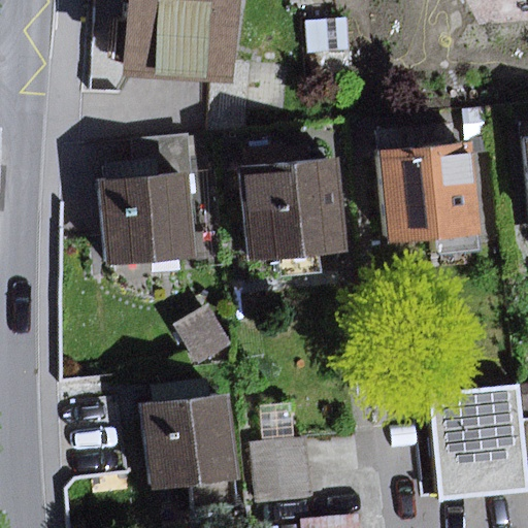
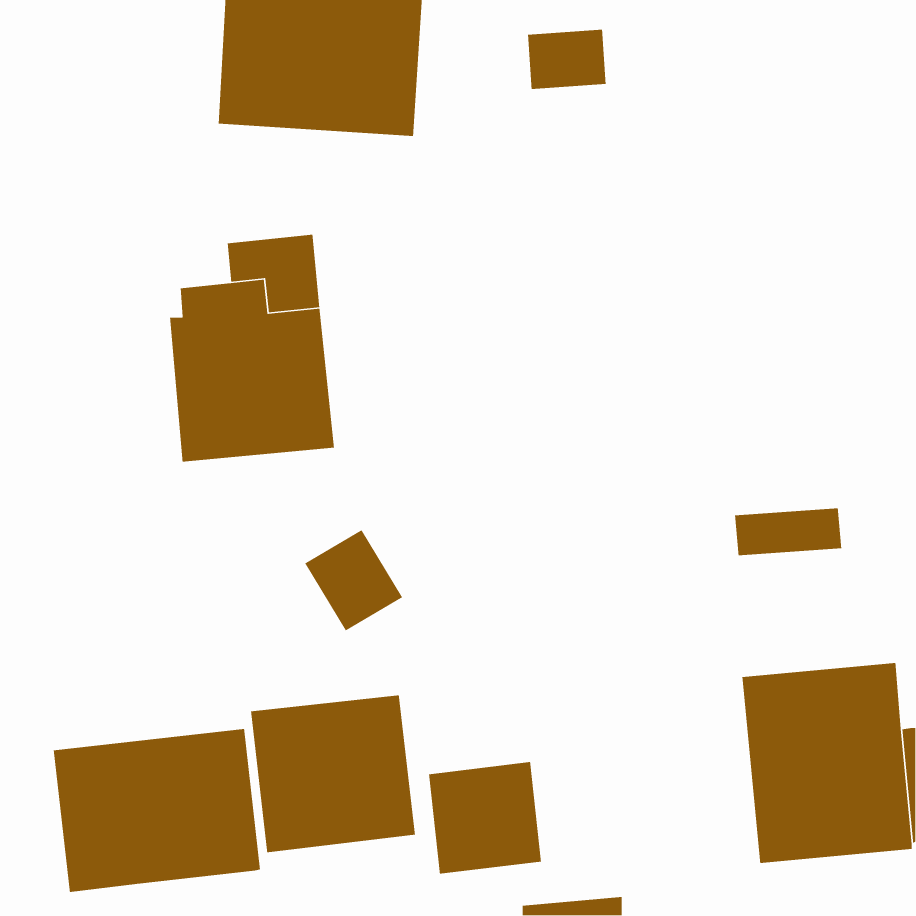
building: [382,144,481,256] -> none
building: [241,159,349,276] -> none
building: none -> [53,728,261,893]

